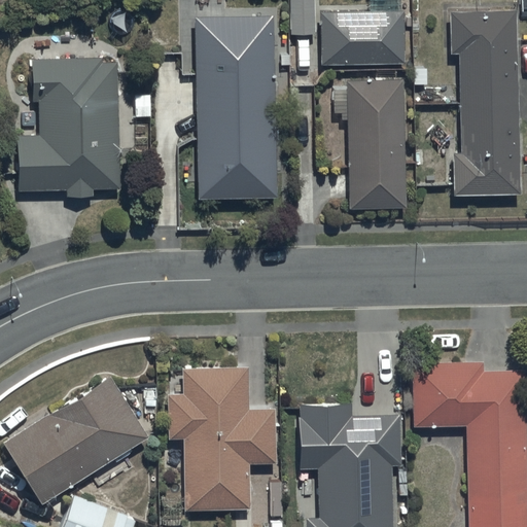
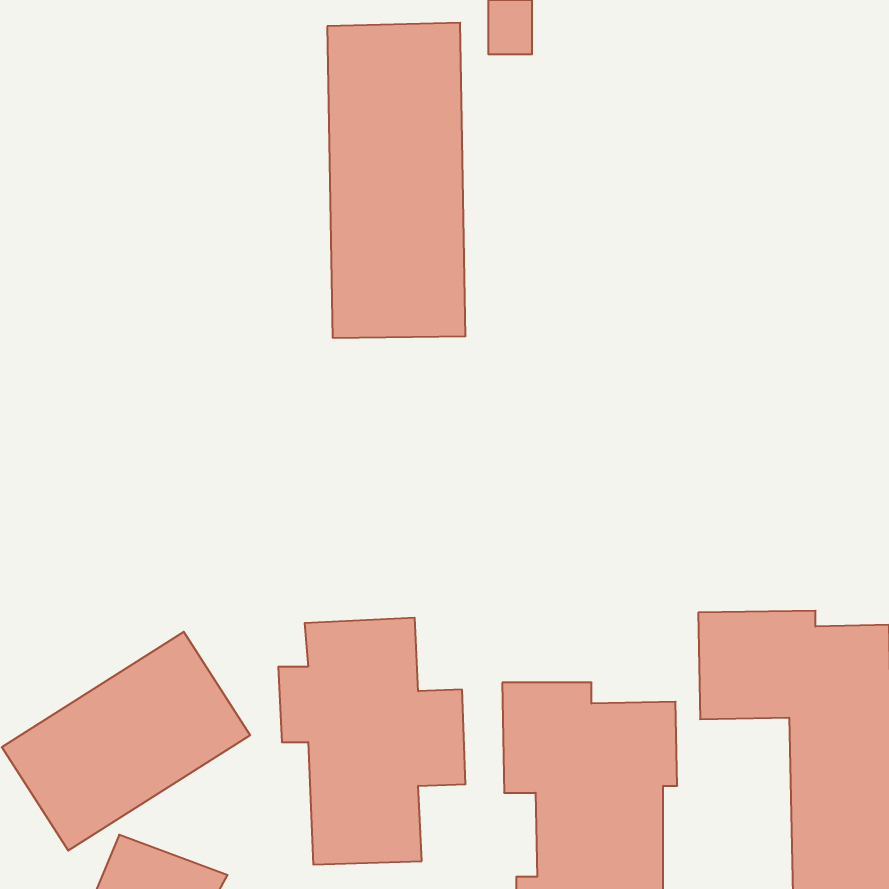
building: [450,11,520,196] -> none
building: [321,12,405,64] -> none
building: [19,61,118,198] -> none
building: [333,81,405,208] -> none

